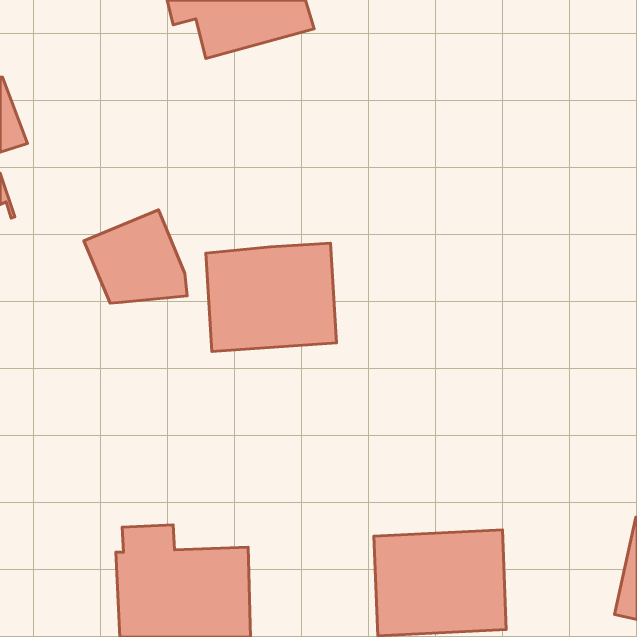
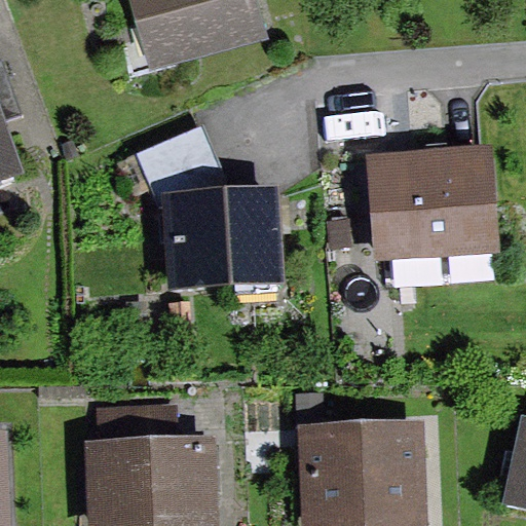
building: none -> [374,150,491,258]
building: [84,210,187,303] -> [138,133,223,210]

